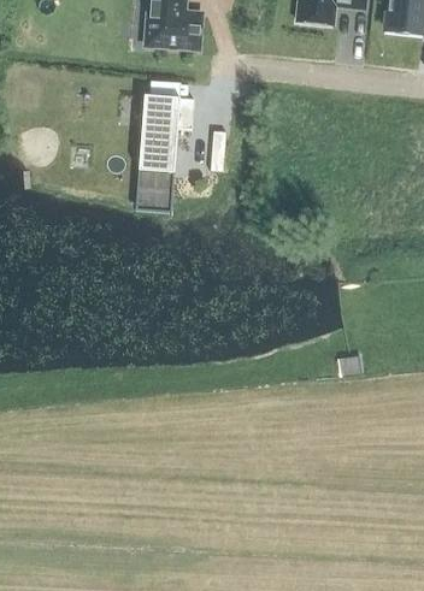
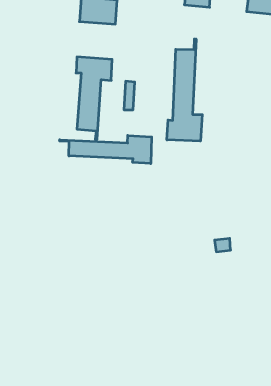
building: none -> [167,39,202,141]
building: none -> [60,135,152,164]

